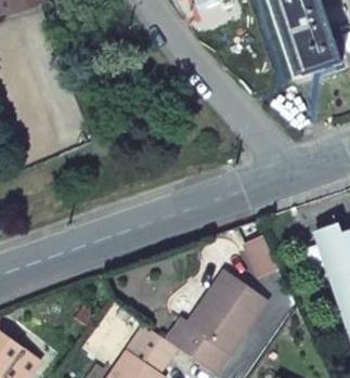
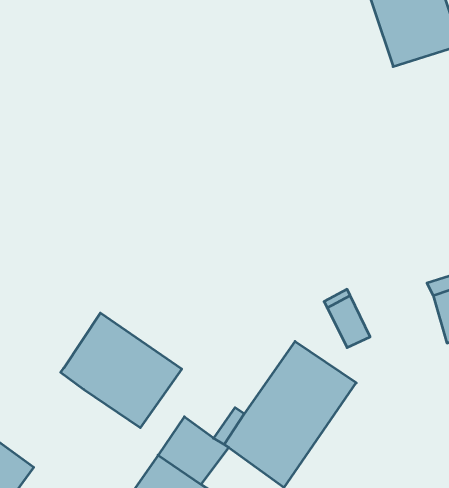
building: none -> [61,313,182,428]

